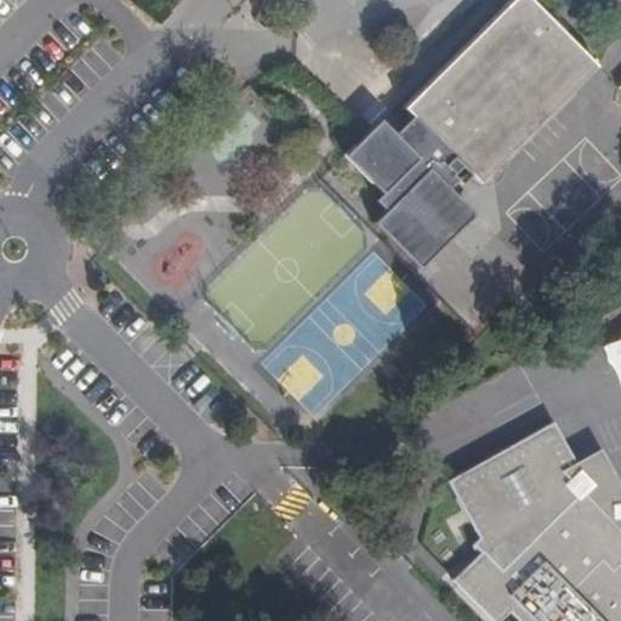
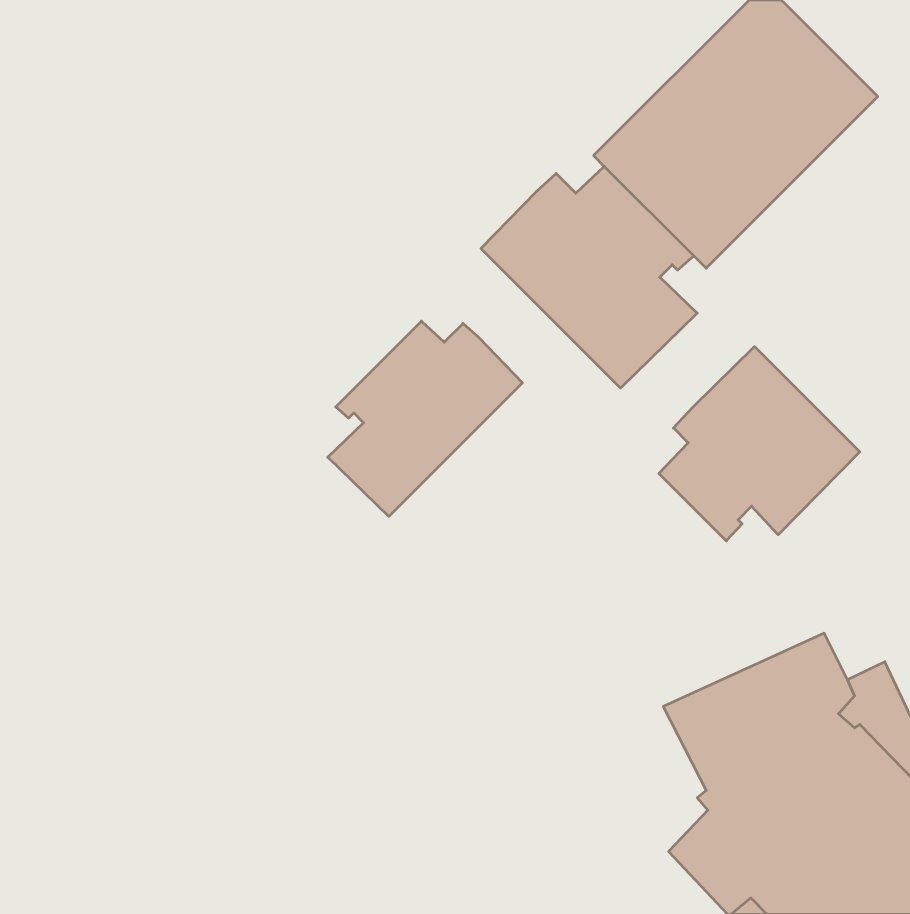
building: none -> [328,321,522,516]
building: none -> [659,347,860,541]

